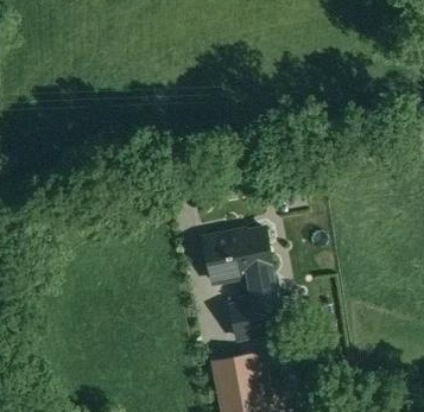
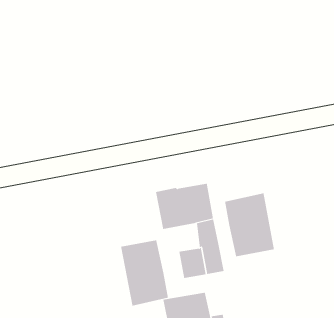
building: none -> [225,192,274,257]
building: none -> [121,239,168,306]

